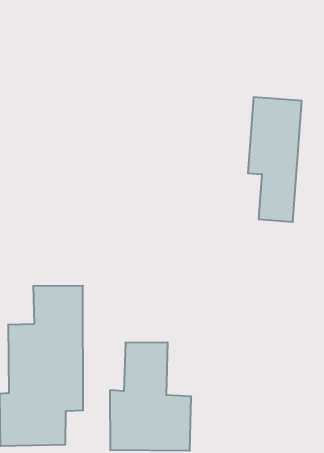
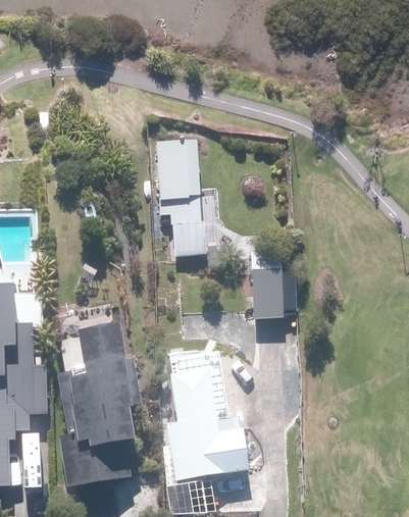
building: [248,97,302,222] -> [156,136,210,253]
building: none -> [253,265,286,316]

